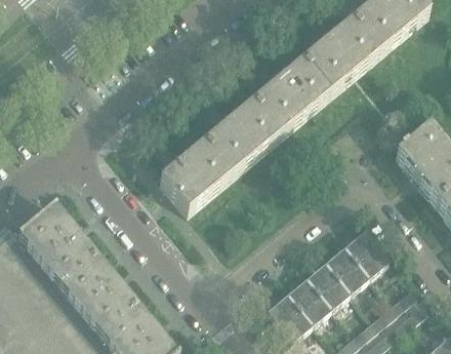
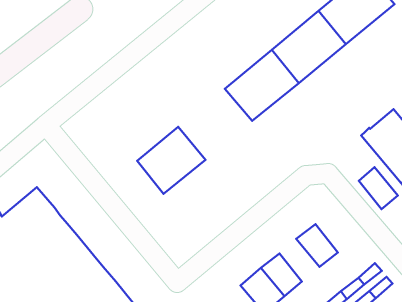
building: [203,102,281,176] -> none
building: [347,230,388,274] -> [359,167,398,209]
building: [310,260,352,305] -> none

